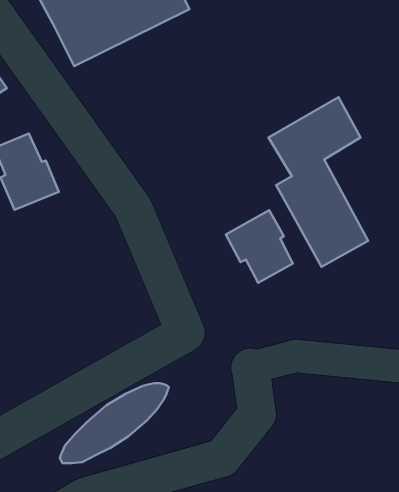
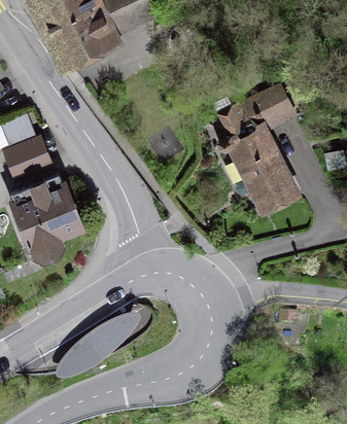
building: none -> [10,173,90,256]
building: [226,210,293,283] -> none

